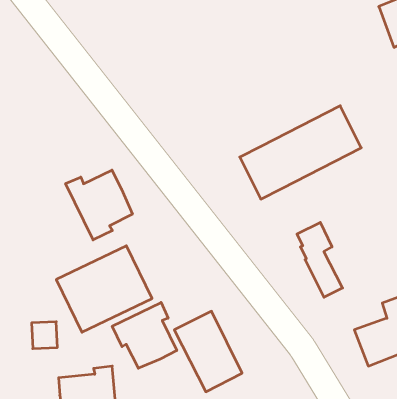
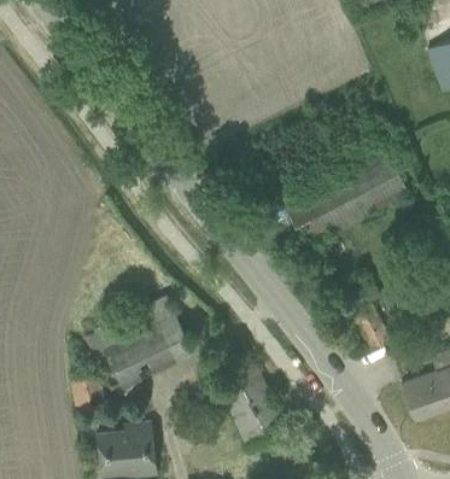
building: [66,170,132,240] -> none
building: [112,302,177,368] -> none

